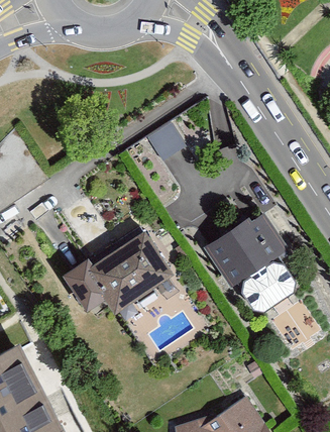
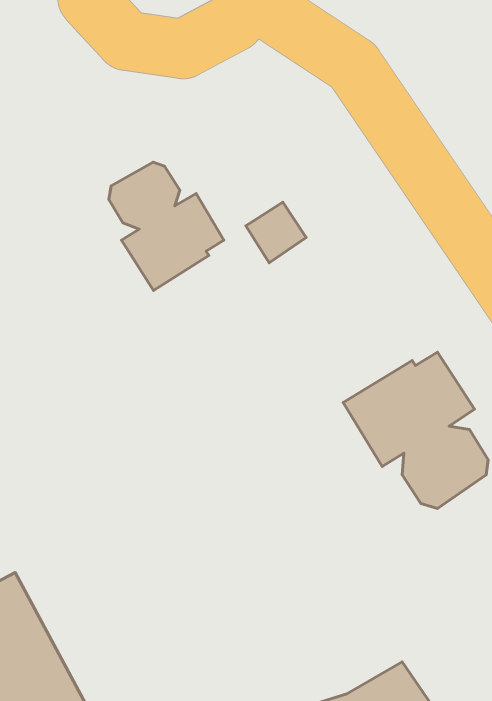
building: none -> [109,162,224,290]
building: [58,233,168,312] -> none

